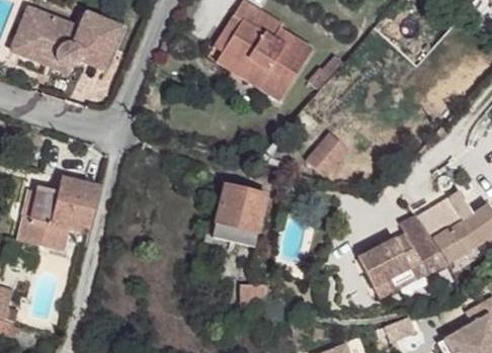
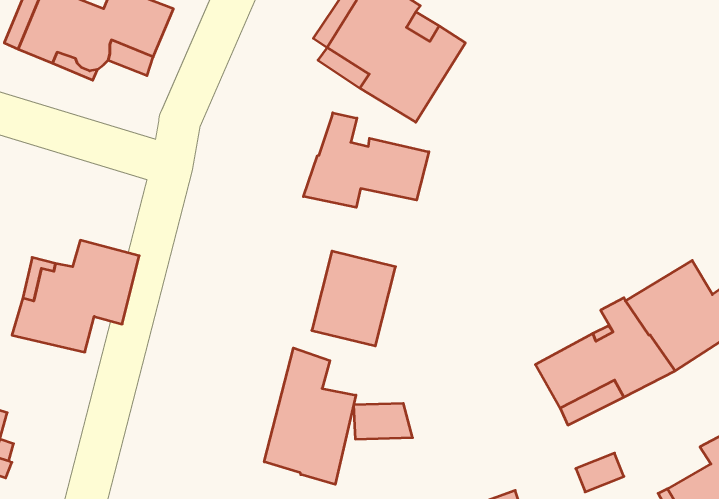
building: none -> [303,113,429,207]
building: [307,133,347,174] -> none
building: none -> [264,348,356,484]

